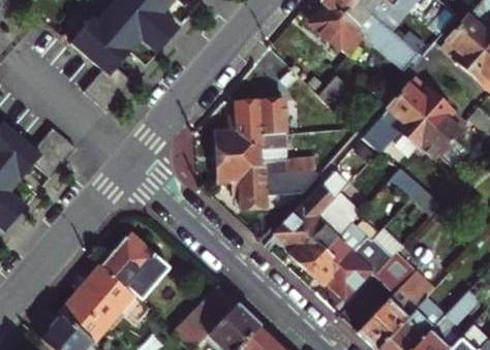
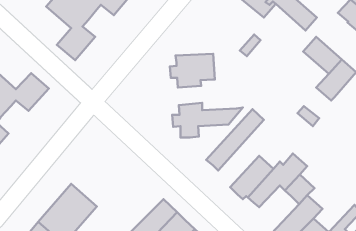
building: [362,97,432,151] -> none
building: [215,131,313,180] -> none
building: [288,194,360,272] -> none
building: [100,234,165,304] -> none

